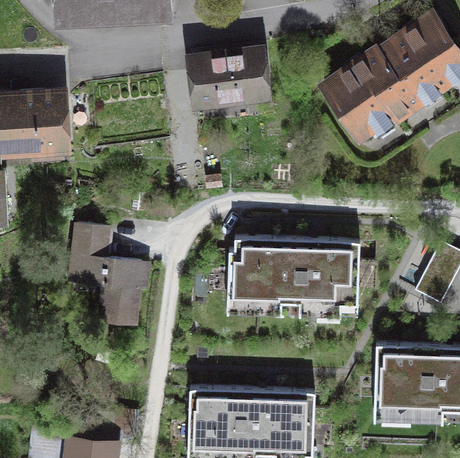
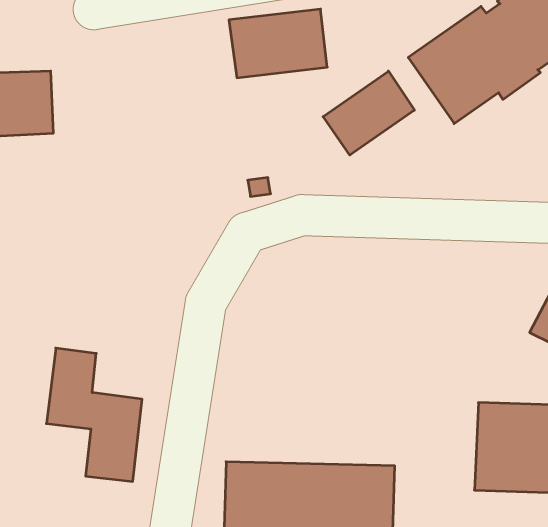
building: none -> [323,71,414,155]
building: [71,223,142,322] -> [46,348,142,481]
building: [228,235,360,304] -> none

